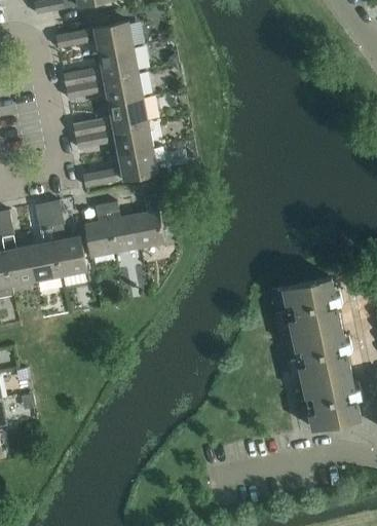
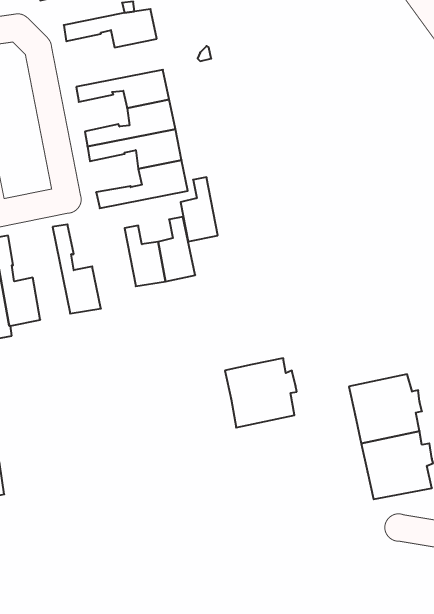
building: [63,47,138,87] -> none
building: [30,203,61,280] -> none
building: [84,204,115,258] -> [181,177,218,242]
building: [282,278,342,336] -> [225,358,297,428]

